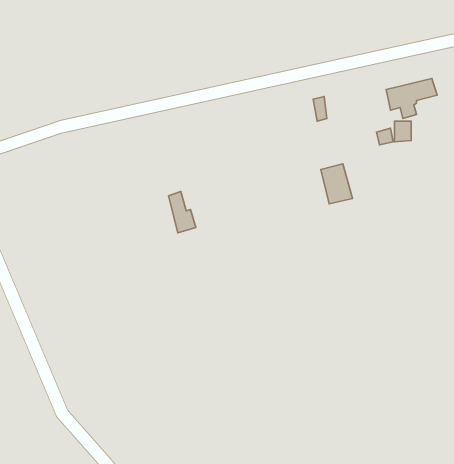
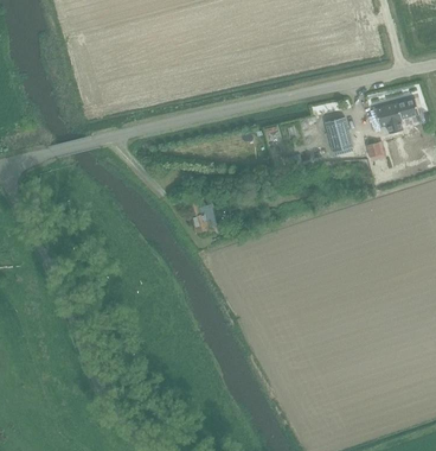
building: [321,164,353,204] -> [326,116,353,151]

